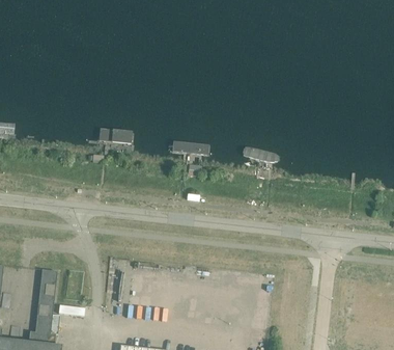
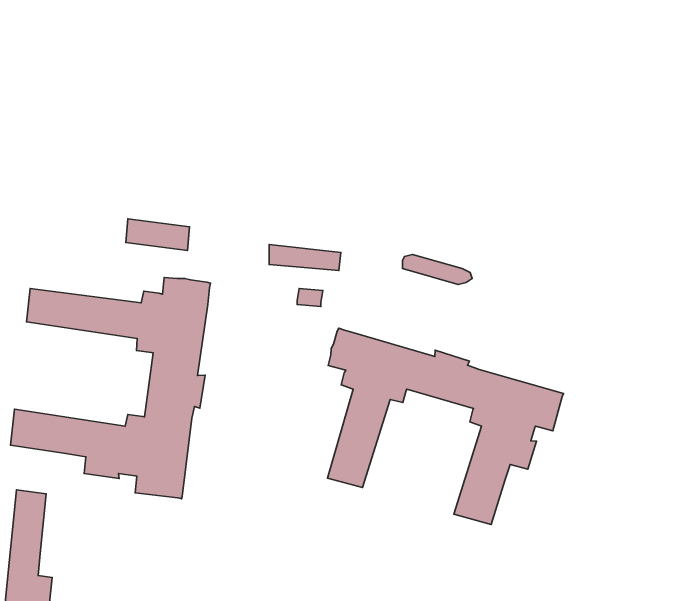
building: none -> [10,277,211,499]
building: none -> [328,328,563,524]

